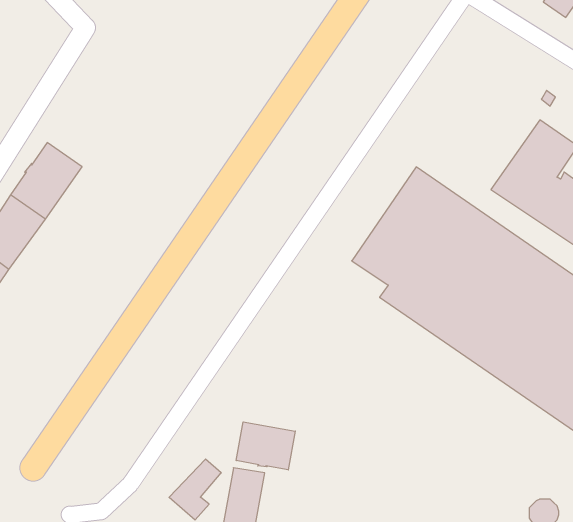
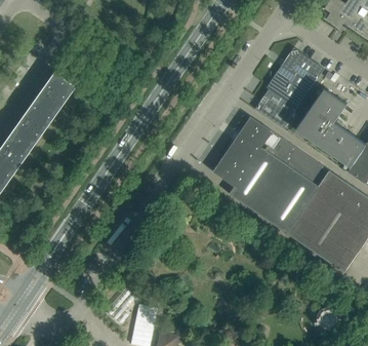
building: none -> [255,49,323,127]
building: none -> [33,72,75,116]
building: [236,422,295,470] -> none

